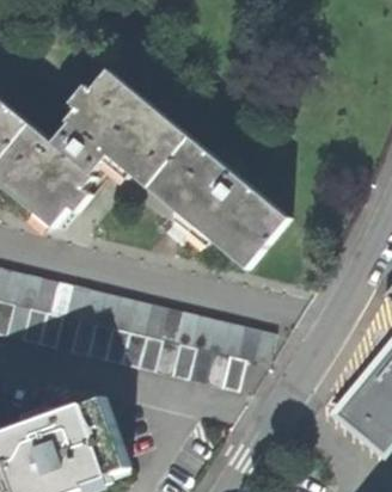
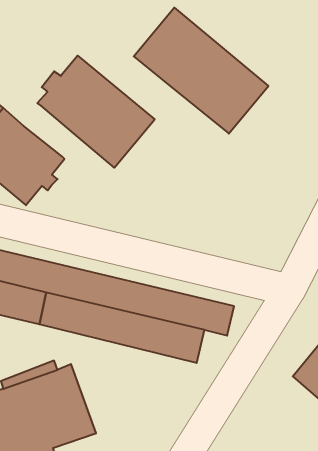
building: [49,123,106,177] -> none
building: [145,137,287,270] -> [134,8,268,134]

